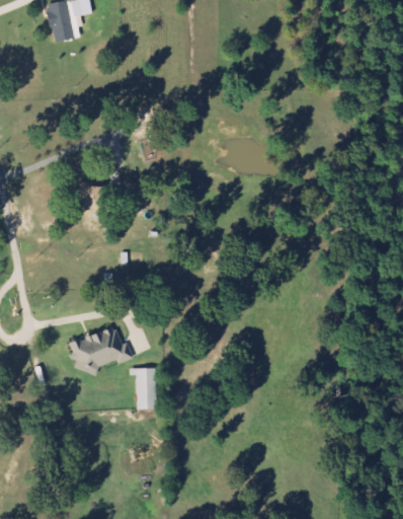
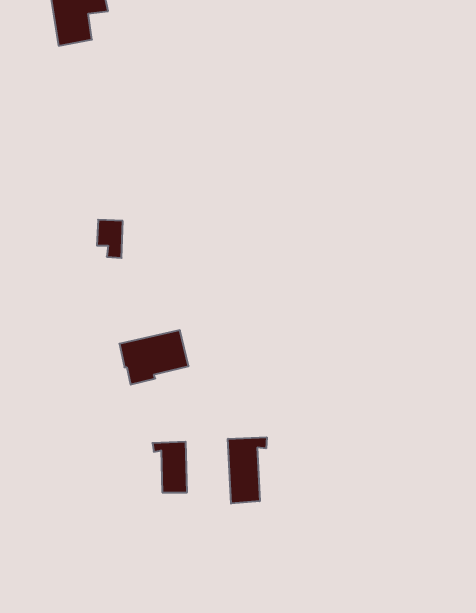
building: [69,327,126,372] -> [119,330,189,385]
building: none -> [228,437,267,504]

